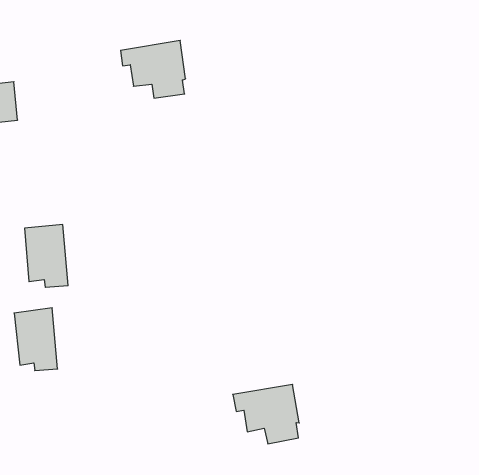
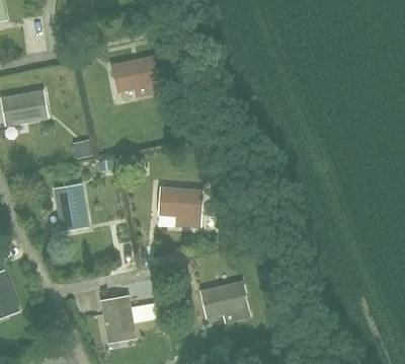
building: none -> [160,188,201,226]
building: [14,308,58,371] -> [102,296,134,339]

